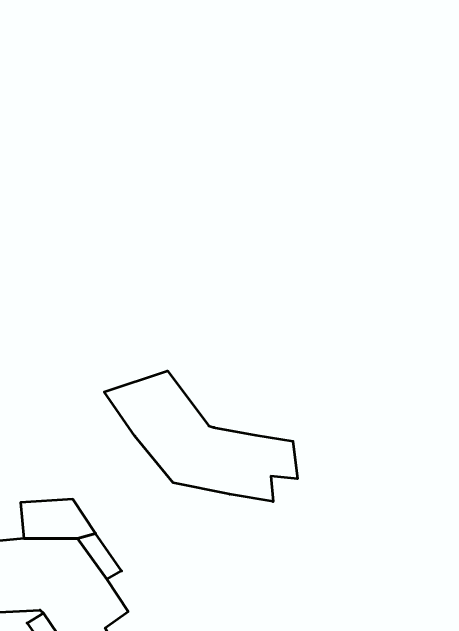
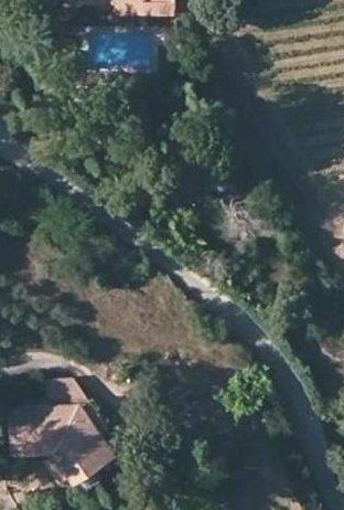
building: [104,371,297,502] -> none

